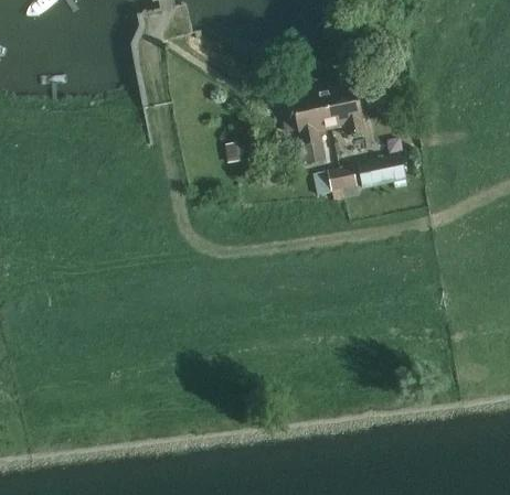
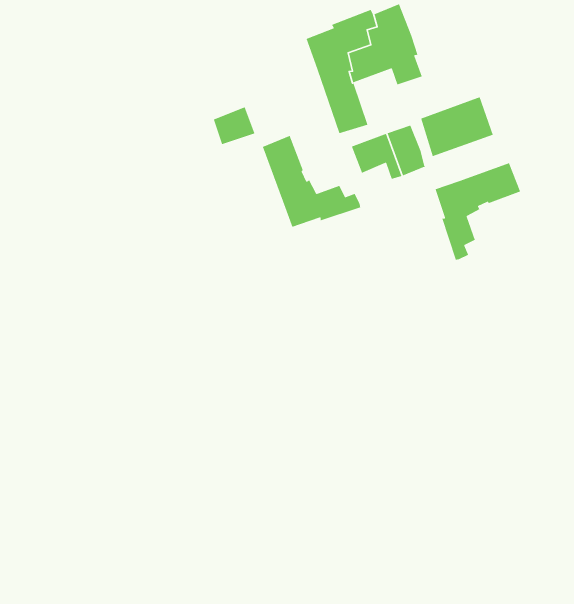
building: none -> [262,135,361,228]
building: none -> [435,162,521,261]

